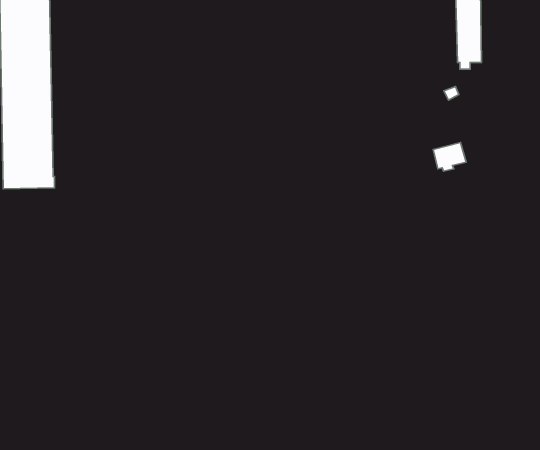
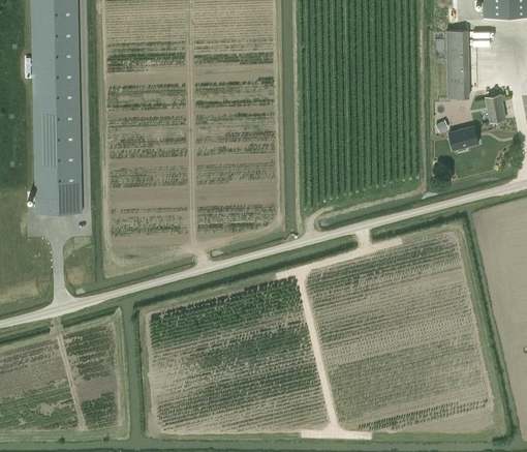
building: none -> [485,94,506,123]
building: [433,143,466,171] -> [448,126,478,152]

